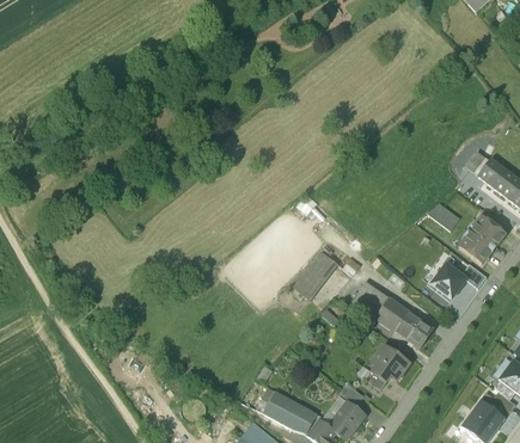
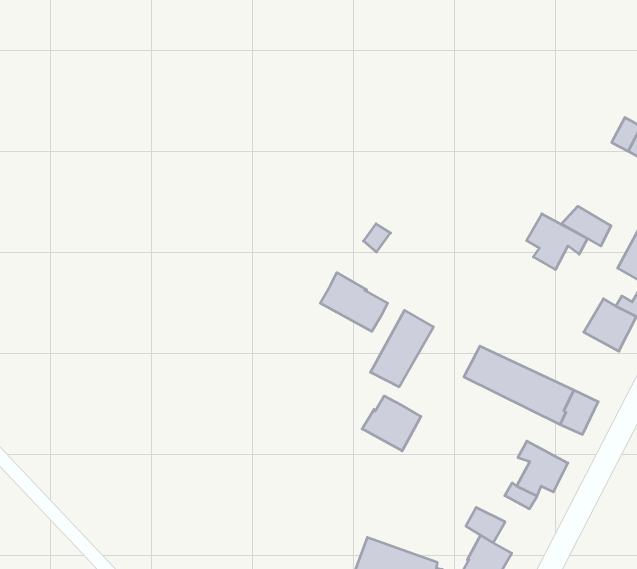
building: none -> [527,214,587,270]
building: none -> [320,273,388,331]
building: none -> [362,396,421,451]

